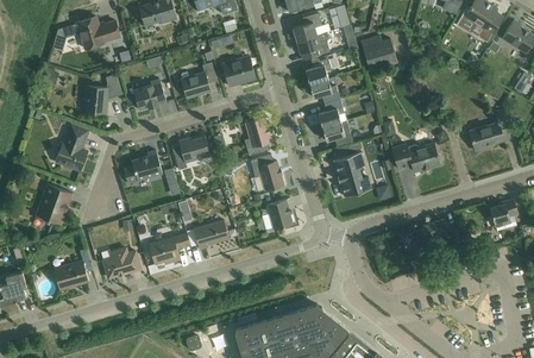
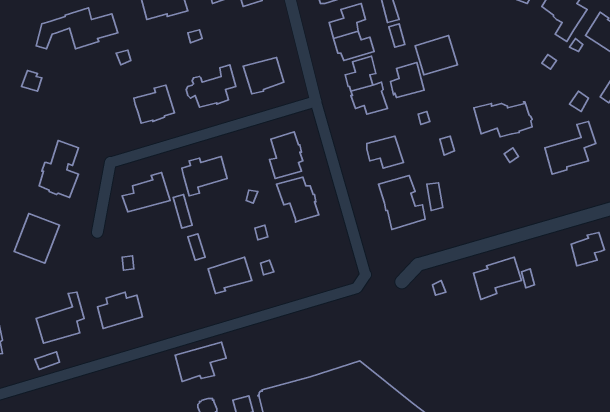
building: [84,74,122,113] -> none
building: [319,98,346,126] -> [391,63,424,98]
building: [392,143,440,171] -> [474,102,532,137]
building: [262,199,295,230] -> none
building: [149,232,190,264] -> [175,342,226,381]

